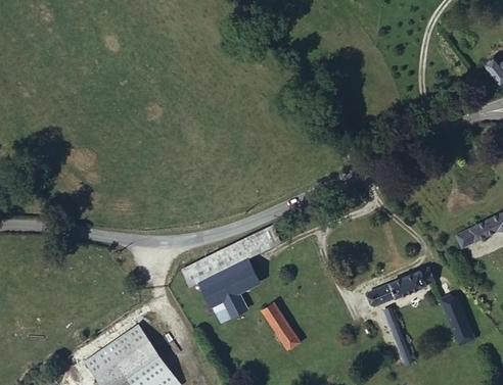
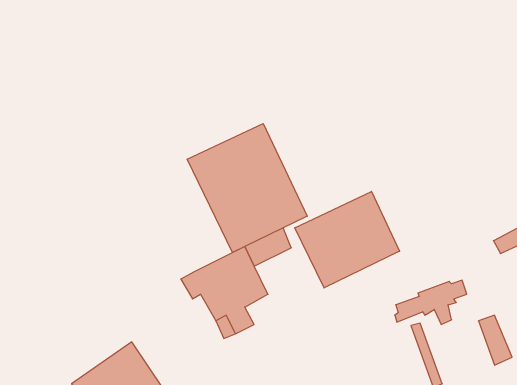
building: none -> [187,124,307,252]
building: none -> [295,191,400,288]
building: [263,305,300,351] -> none

